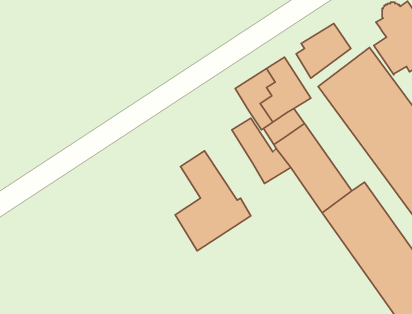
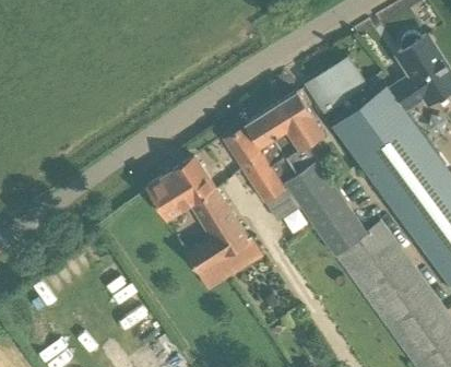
building: none -> [225,128,262,168]
building: none -> [141,155,214,223]

